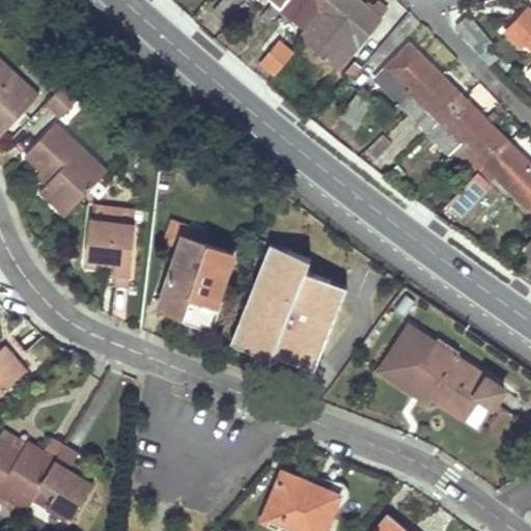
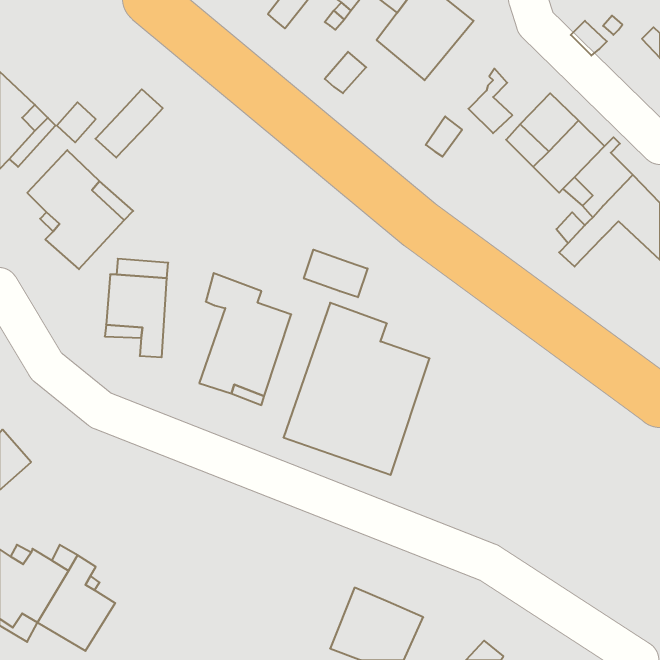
building: [395,43,441,100] -> none
building: none -> [95,89,163,158]
building: none -> [304,250,368,297]
building: [381,325,504,416] -> none

